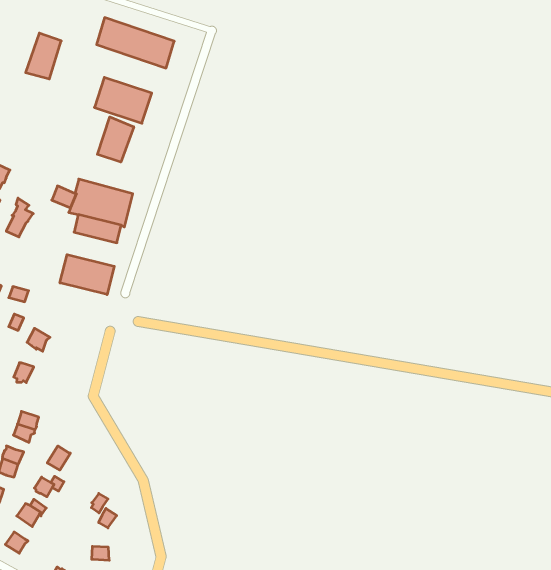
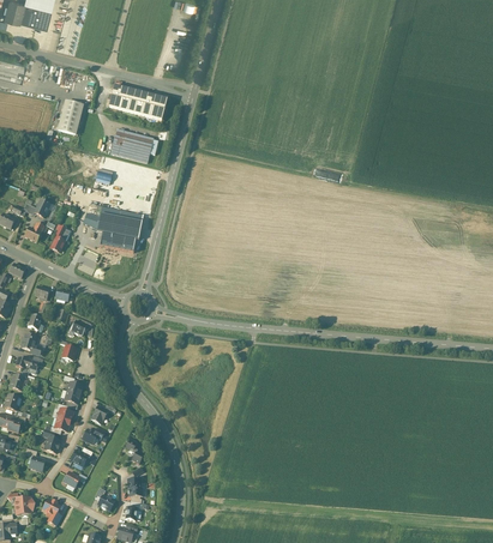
building: [97,117,134,162] -> none
building: [60,255,114,295] -> none

